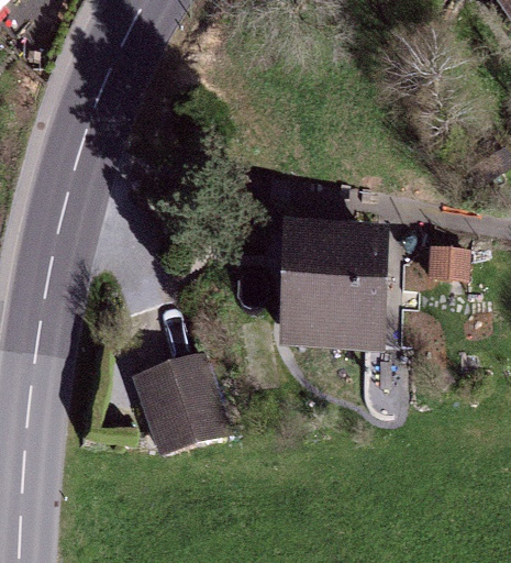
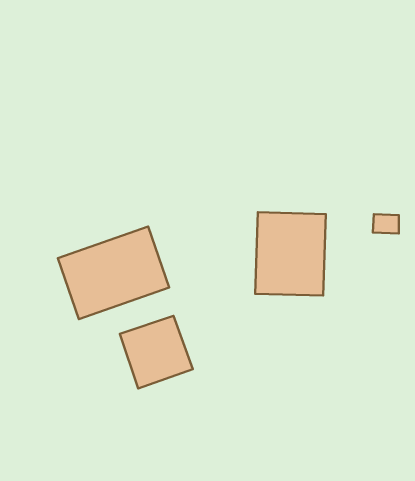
building: none -> [58,226,169,319]

